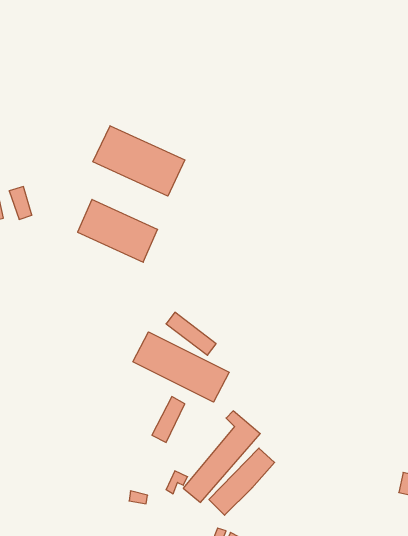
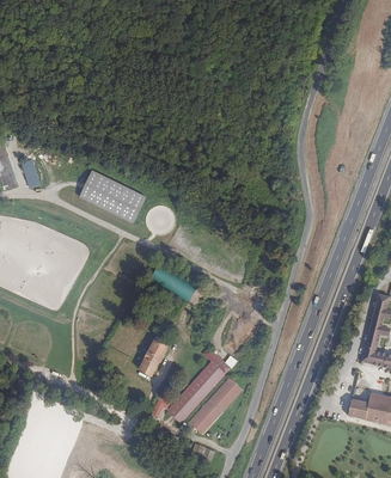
building: [93,126,185,196] -> none
building: [133,332,229,402] -> none

